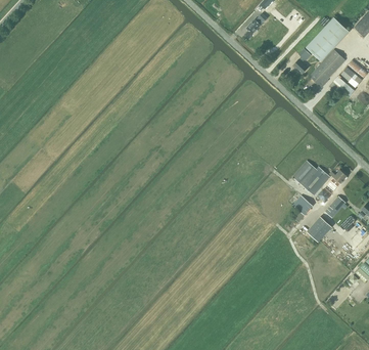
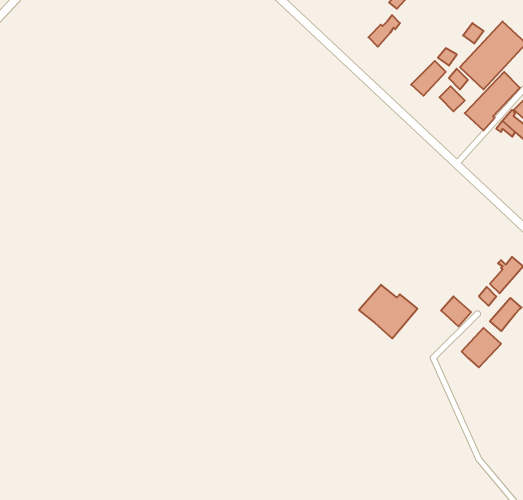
building: [292,160,330,194] -> [359,285,417,338]

